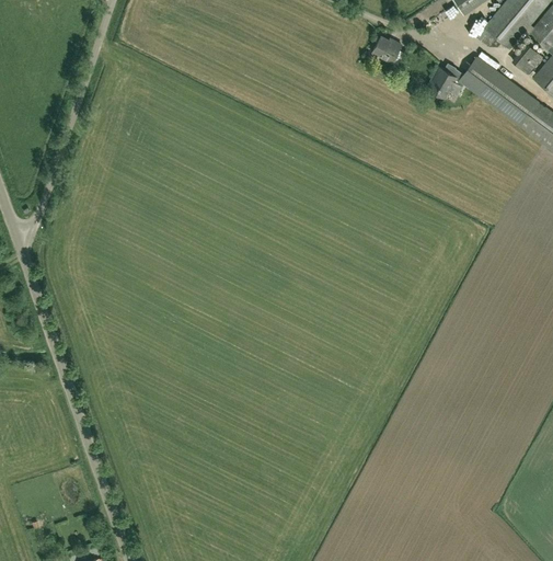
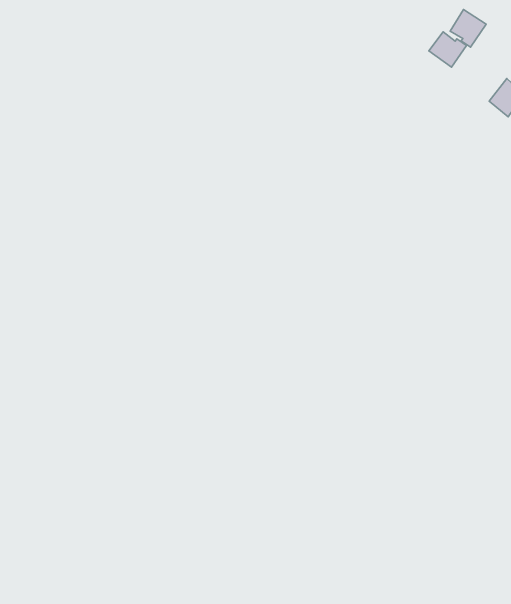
building: none -> [450,10,486,47]

